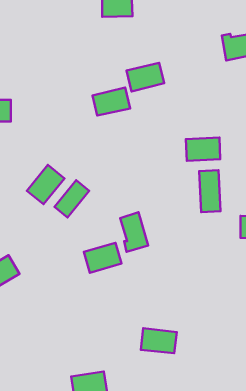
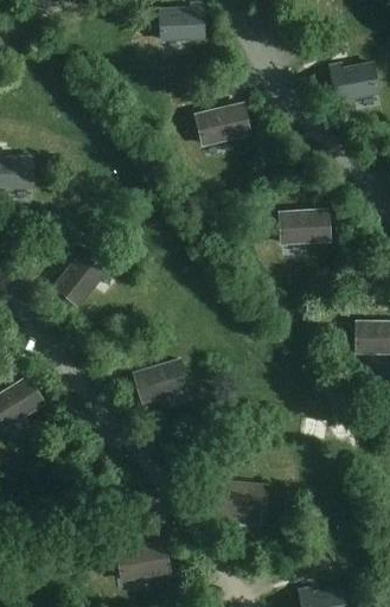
building: [93,88,130,116] -> none
building: [199,170,221,212] -> none
building: [54,180,89,218] -> none
building: [120,212,148,252] -> none

